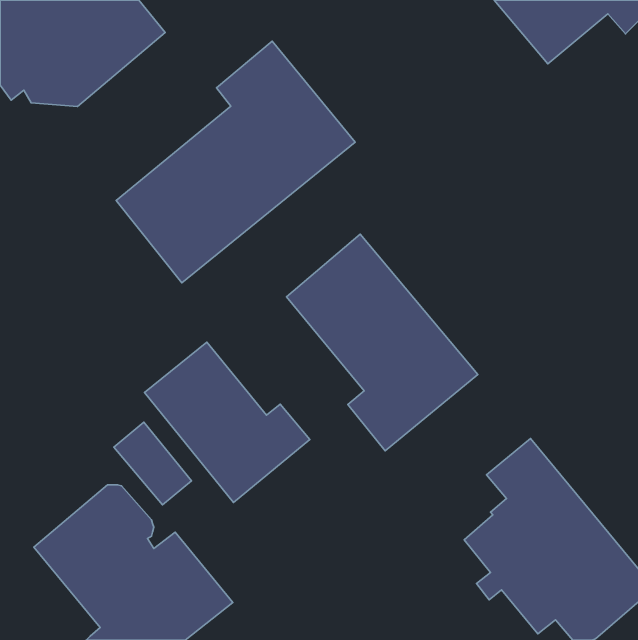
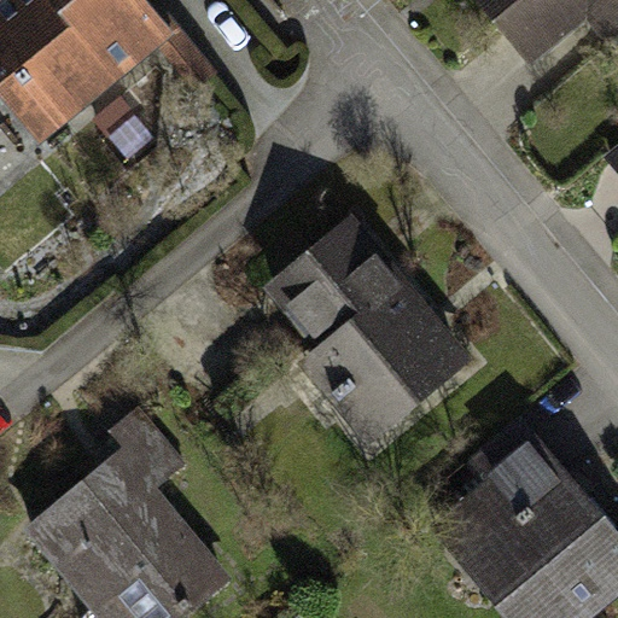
building: [116,41,355,283] -> none
building: [144,342,310,503] -> none

